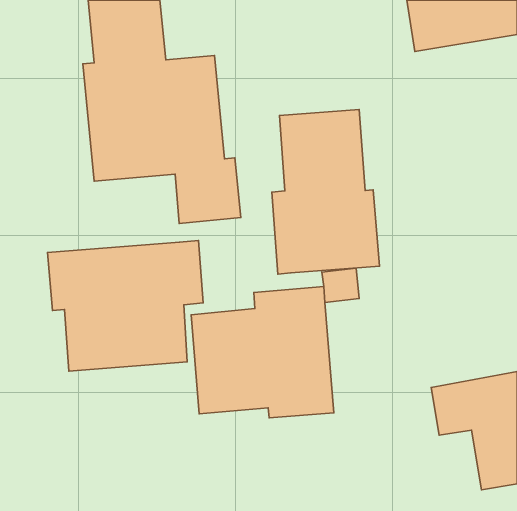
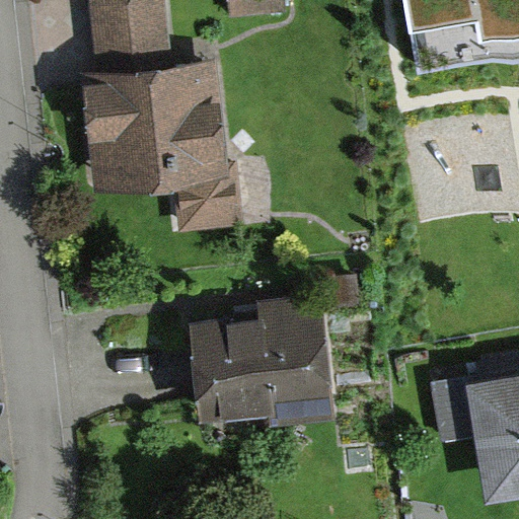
building: [272,109,379,274] -> none
building: [48,240,203,371] -> none

